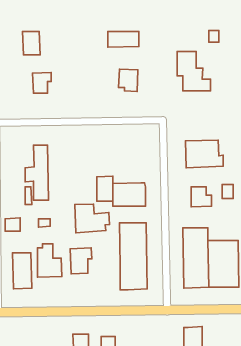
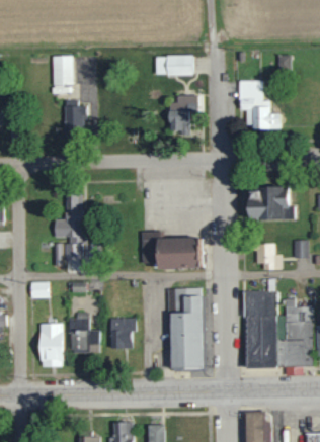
building: [75,204,110,233] -> none

